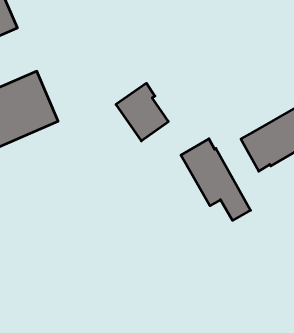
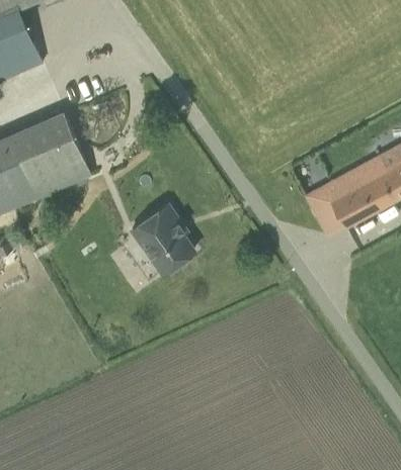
building: [116,83,168,141] -> [131,205,193,274]
building: [181,139,251,220] -> none

